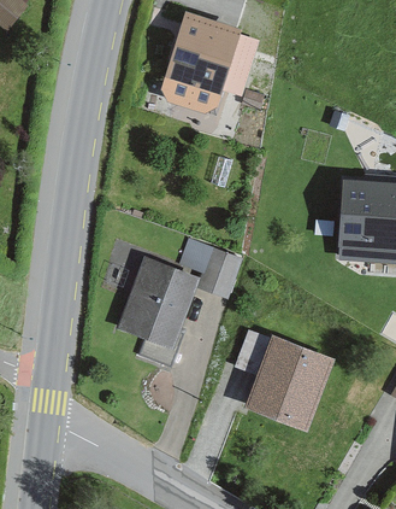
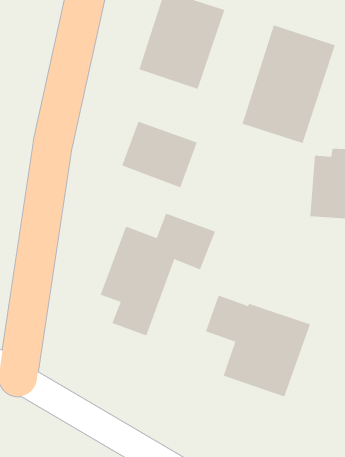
building: none -> [242,24,336,144]
building: none -> [122,121,198,188]

